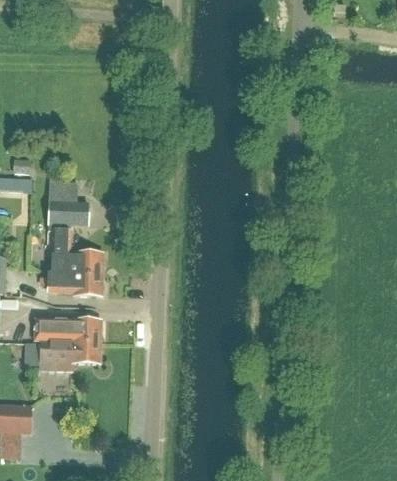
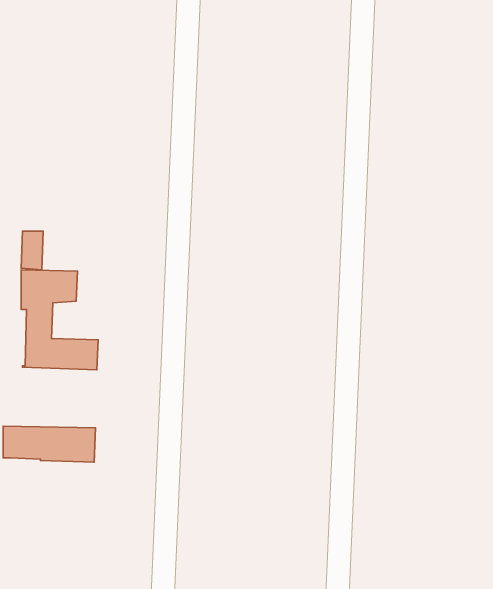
building: [49,273,103,296] -> none
building: [40,339,101,370] -> none

